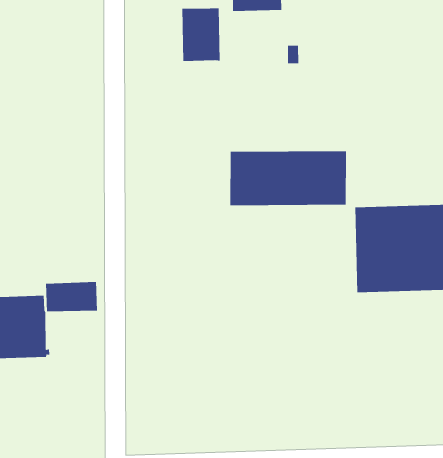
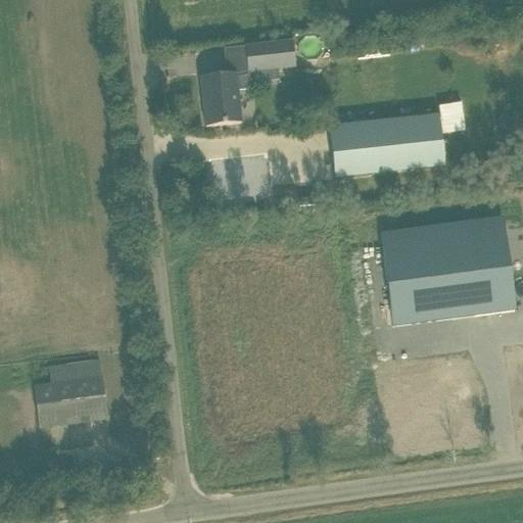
building: [230,151,347,206] -> [329,111,444,175]
building: [46,281,97,312] -> none

